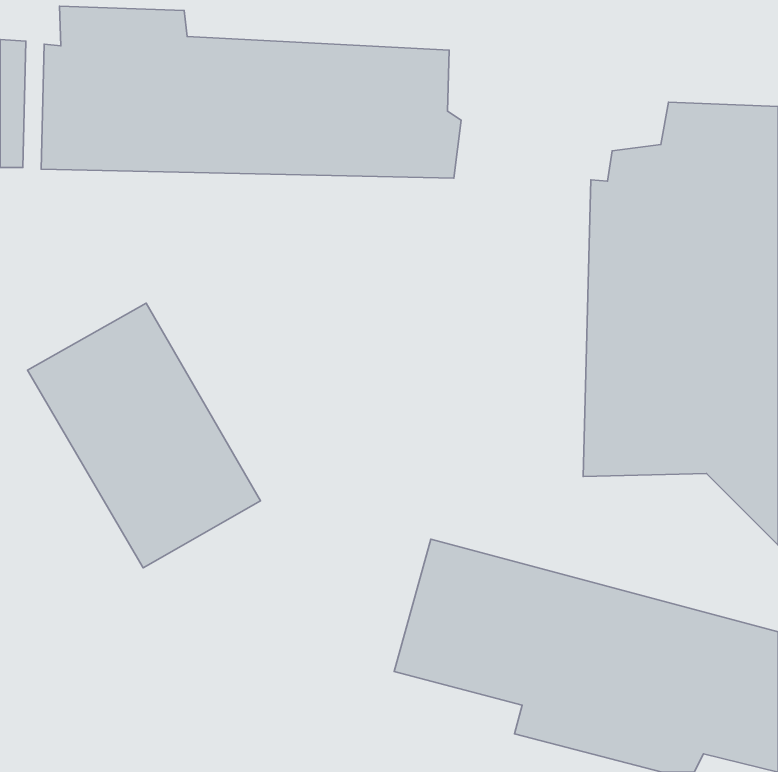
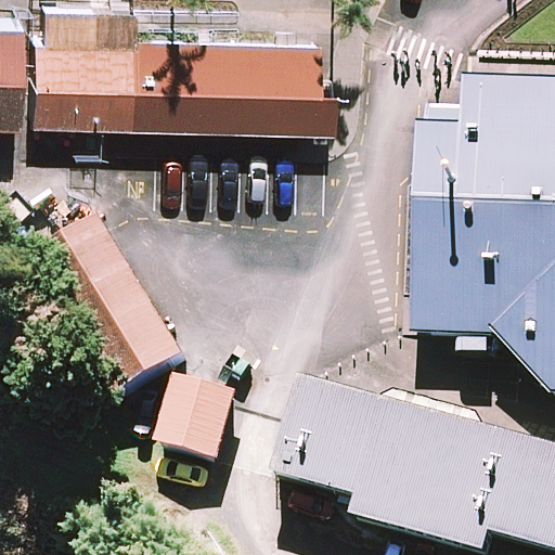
building: none -> [153,372,246,467]

